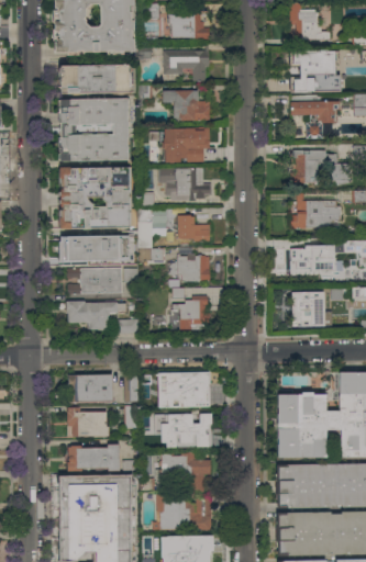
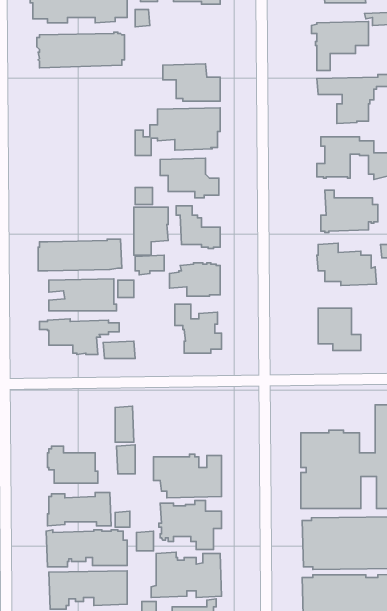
building: [164,44,210,81] -> none
building: [58,99,131,161] -> none
building: [59,167,131,228] -> none
building: [155,372,211,408] -> none
building: [68,374,113,403] -> none

